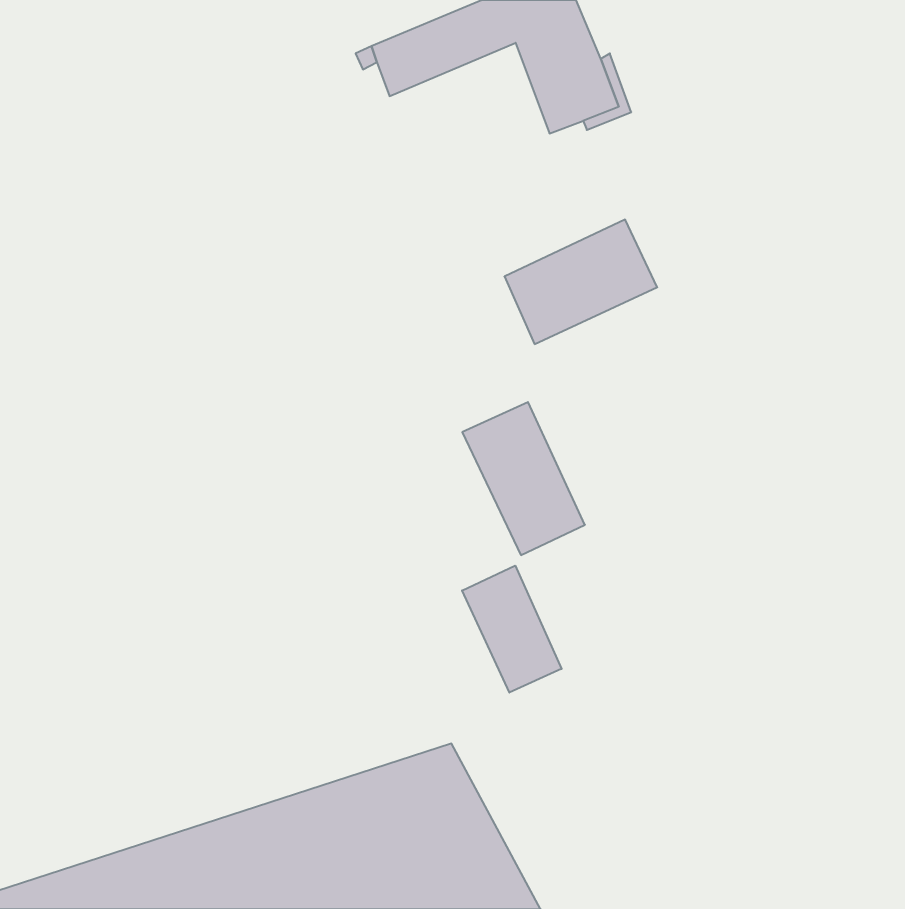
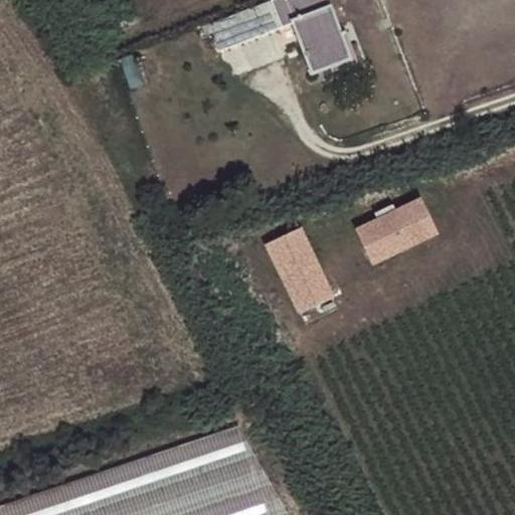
building: [504,220,657,344] -> [353,196,440,267]
building: [462,566,562,693] -> none

